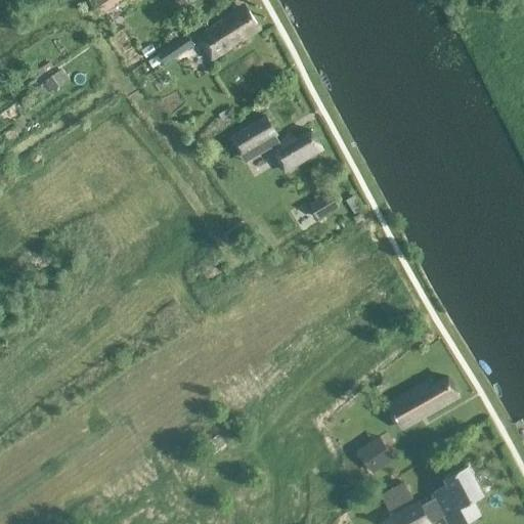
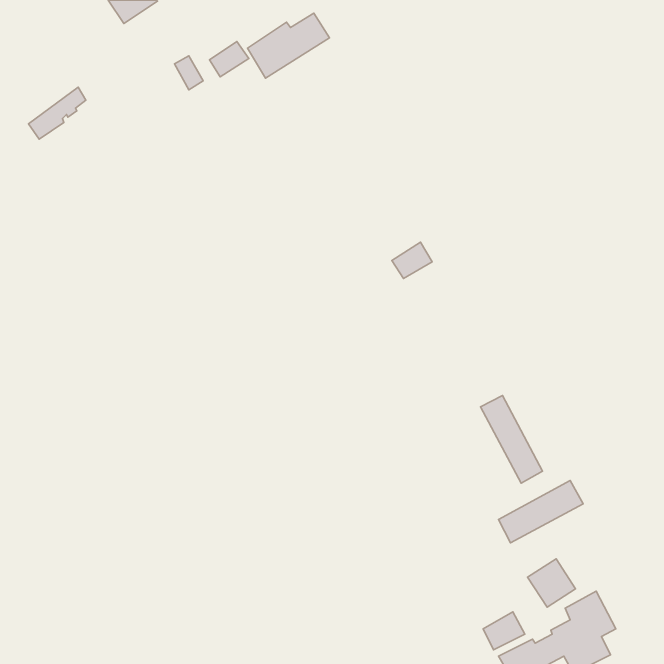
building: [226,118,320,173] -> none
building: none -> [480,396,542,483]
building: [355,436,393,474] -> [527,559,576,607]

